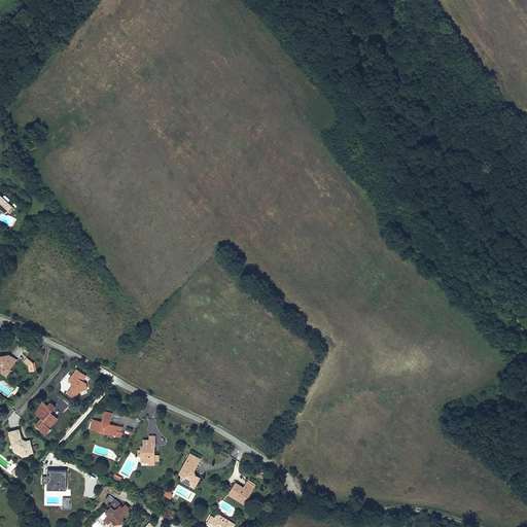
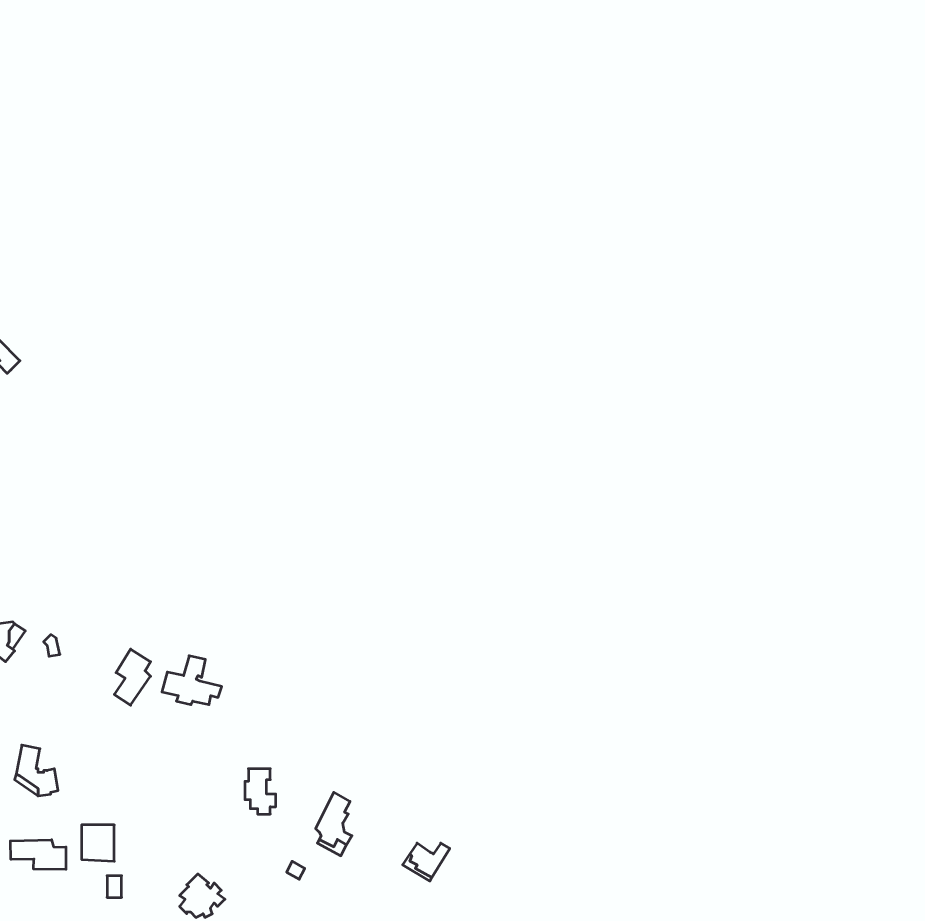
building: [33,398,58,430] -> none
building: [87,409,121,436] -> [162,656,222,705]
building: none -> [10,840,66,869]

